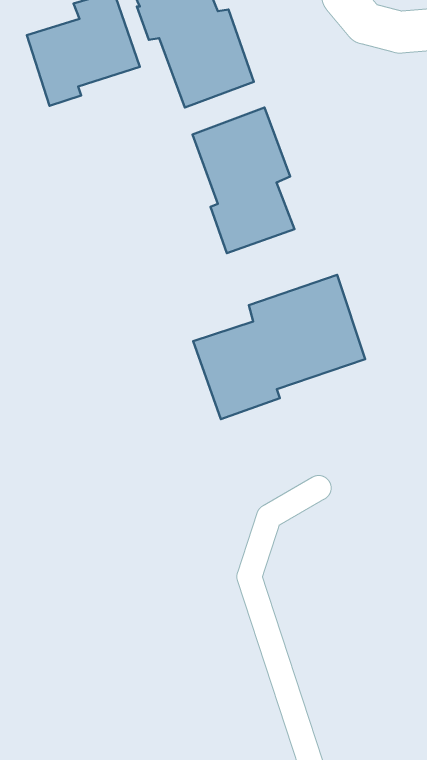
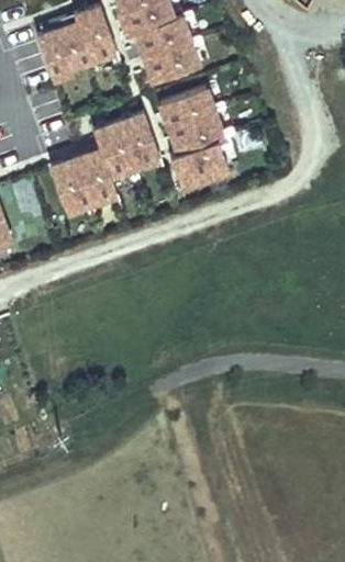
building: none -> [48,112,159,217]
building: [193,275,365,419] -> none

